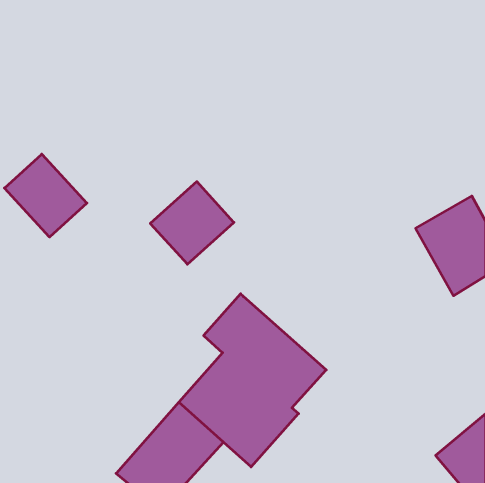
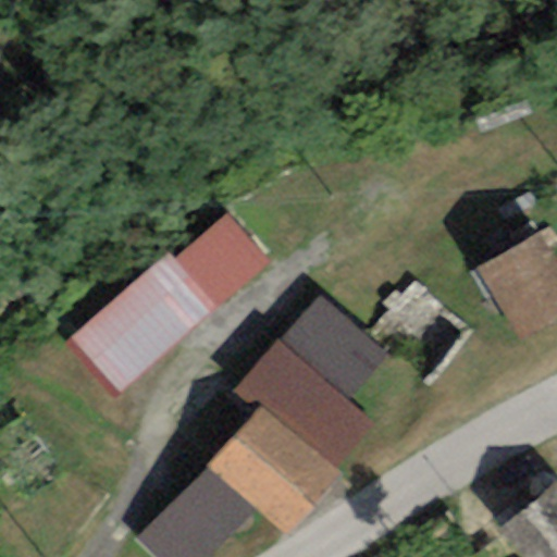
building: [4,154,87,237] -> none
building: none -> [69,252,215,396]
building: none -> [280,296,389,403]

